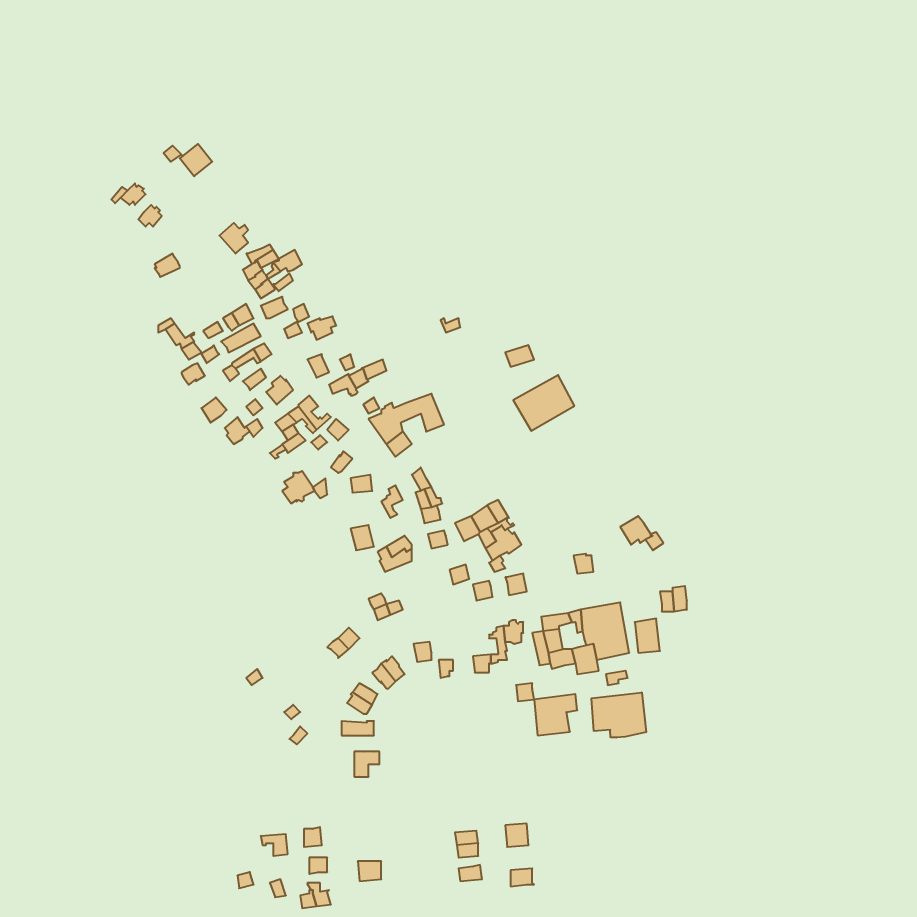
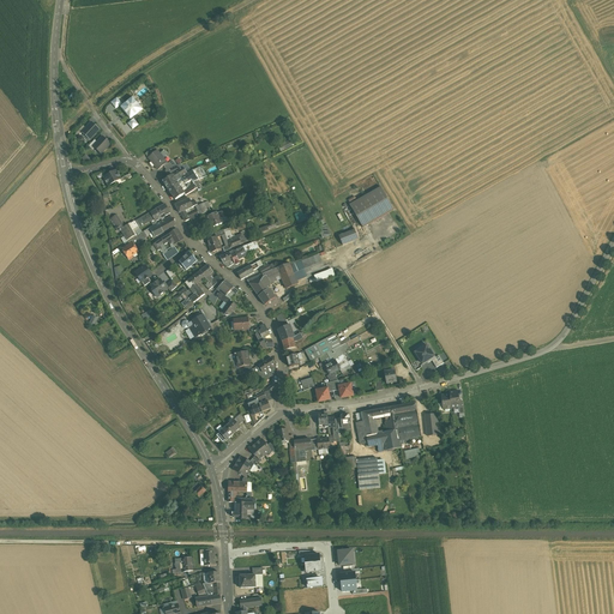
building: [513,375,574,431] -> [350,189,391,227]
building: [592,692,646,738] -> none

